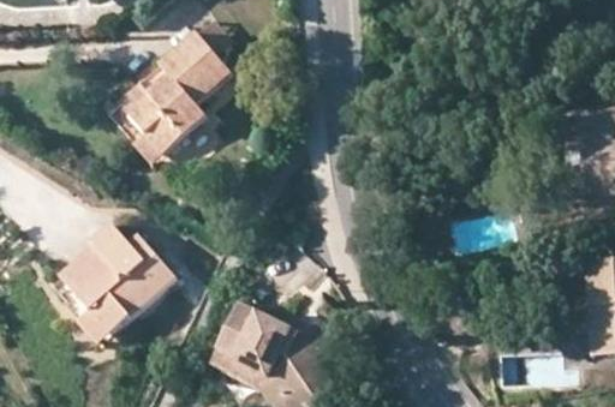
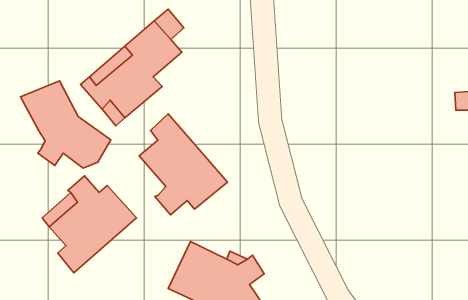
building: none -> [21,81,111,168]
building: none -> [139,114,227,215]

